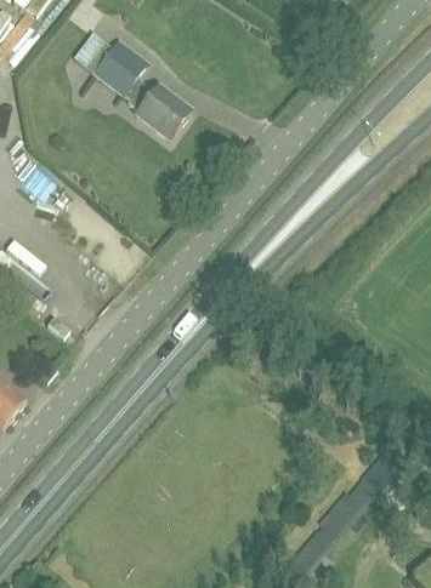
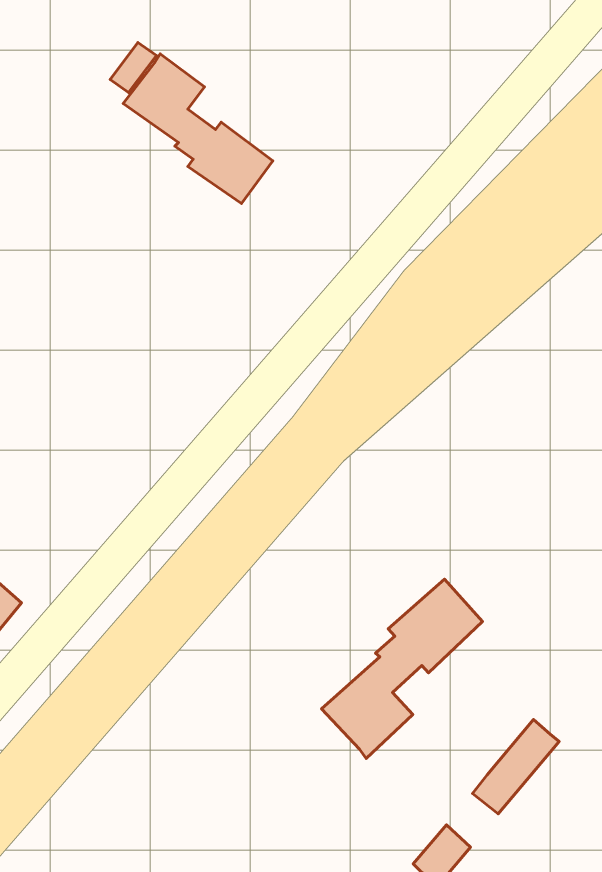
building: none -> [321,579,483,758]

